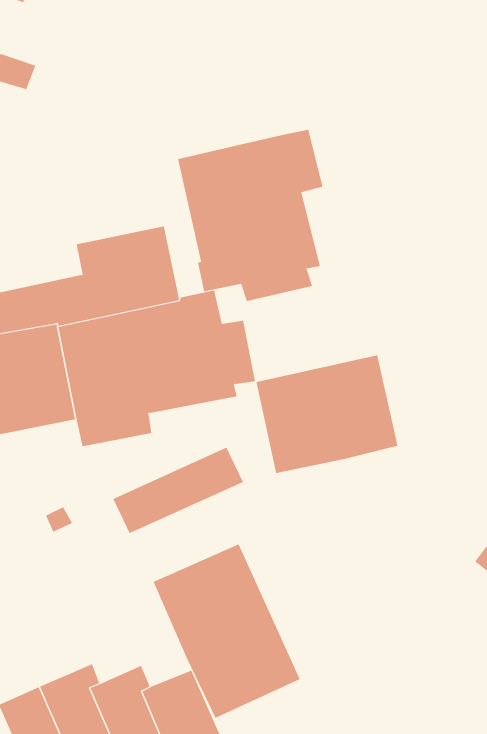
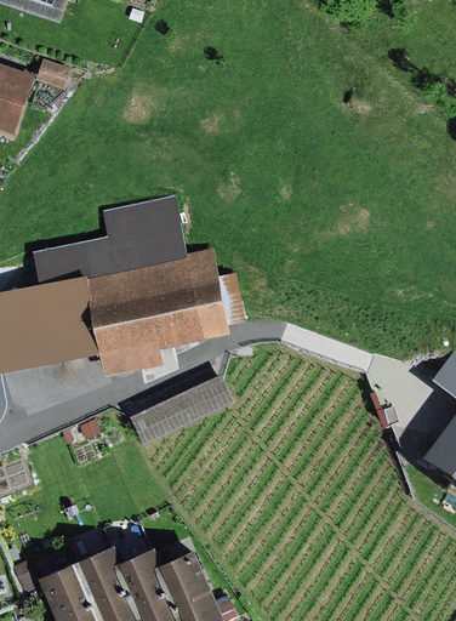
building: [177,129,323,302] -> none
building: [256,354,399,474] -> none
building: [153,543,300,719] -> none

